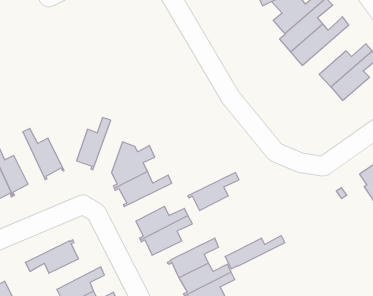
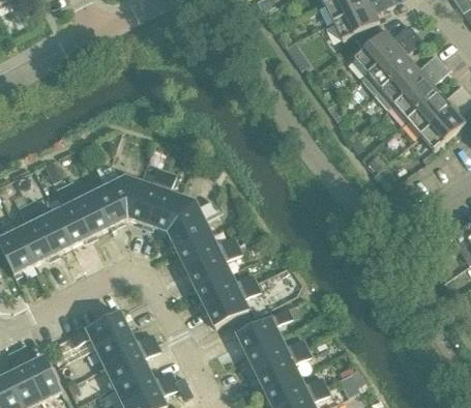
building: none -> [392,62,447,119]
building: none -> [93,167,139,230]
building: none -> [145,172,179,232]
building: none -> [54,185,90,245]
building: [188,173,239,210] -> [181,244,240,288]
building: [225,236,285,269] -> none
building: none -> [94,331,154,367]

